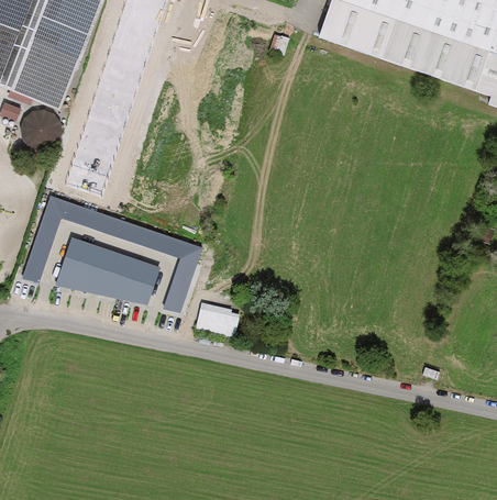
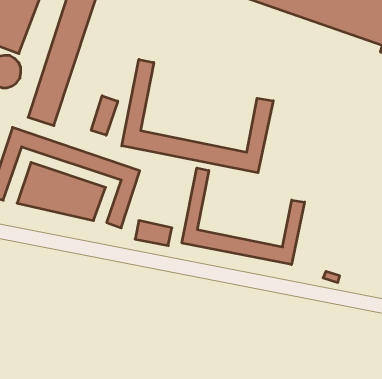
building: none -> [122,59,273,173]
building: none -> [91,96,118,135]
building: none -> [182,168,305,265]

